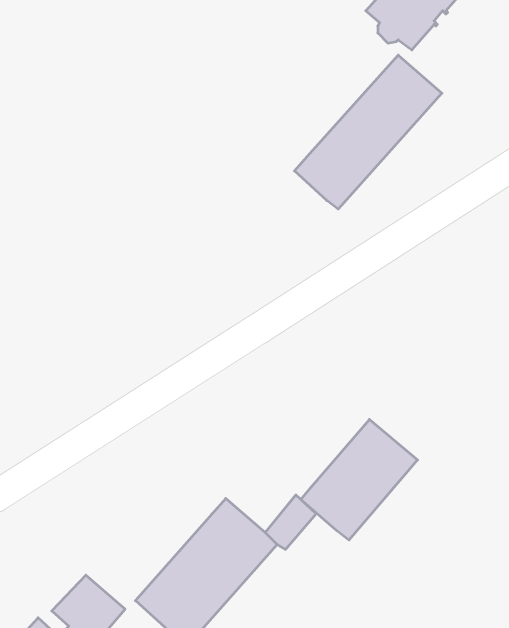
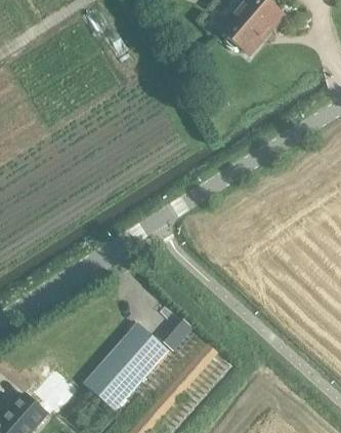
building: [294,55,442,209] -> none
building: [301,419,418,540] -> none

